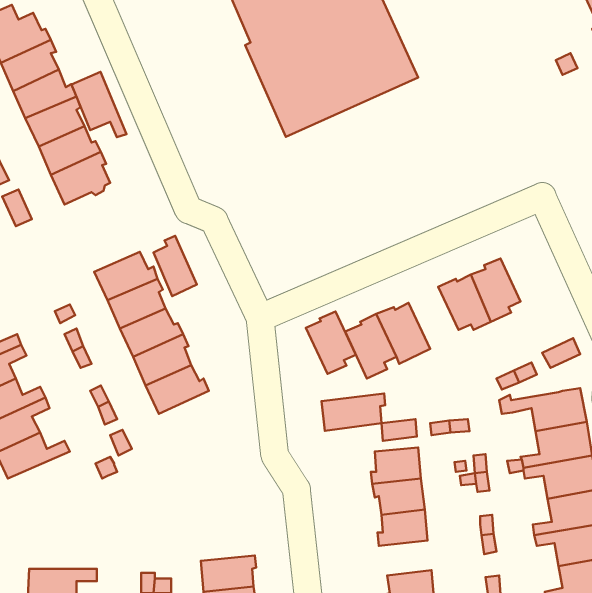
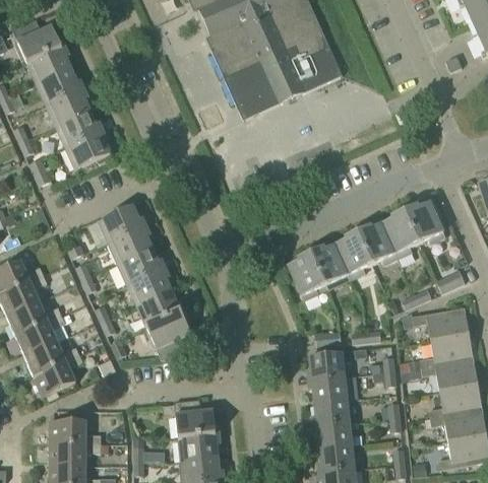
building: [72,72,127,137] -> none
building: [153,236,197,296] -> none
building: none -> [404,201,444,243]
building: [306,312,356,374] -> [334,231,372,278]
building: none -> [146,309,190,359]
building: [322,394,385,431] -> none
building: none -> [33,355,82,397]
building: none -> [162,399,219,437]
building: none -> [49,420,100,443]
building: none -> [312,422,352,448]

